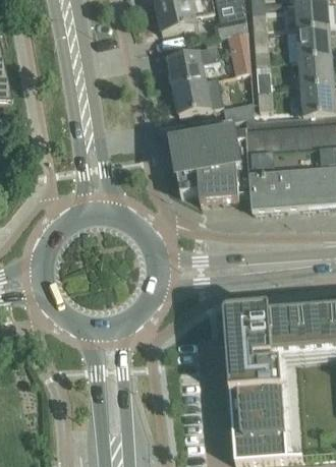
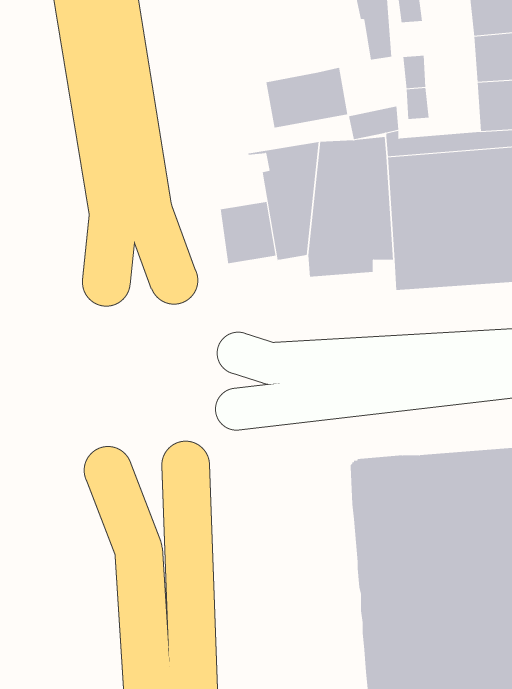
building: [166,47,219,84] -> none
building: none -> [220,201,276,264]

